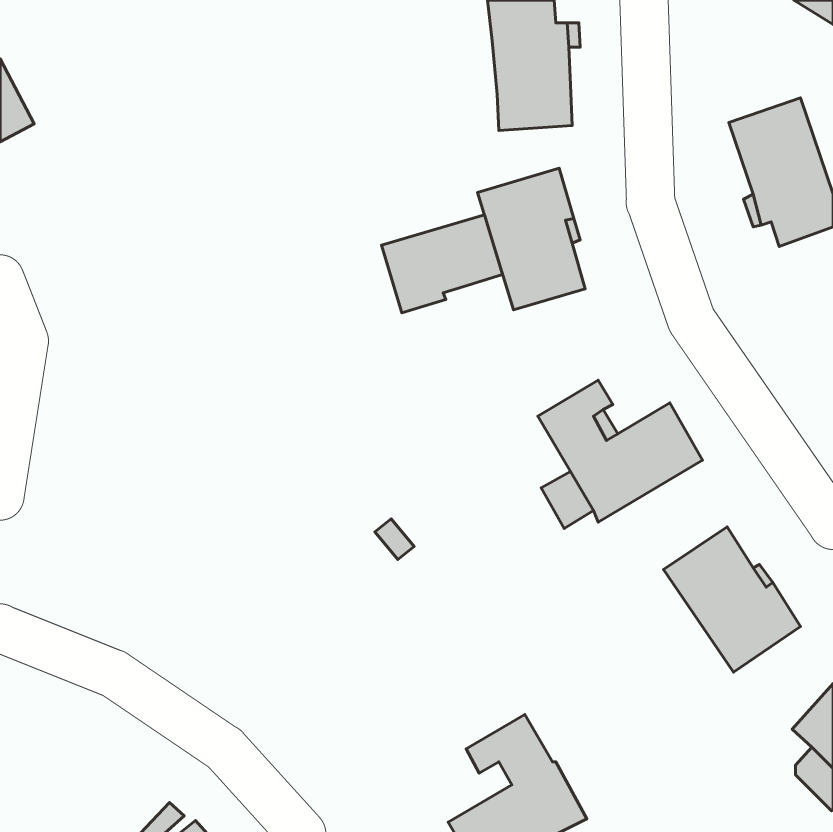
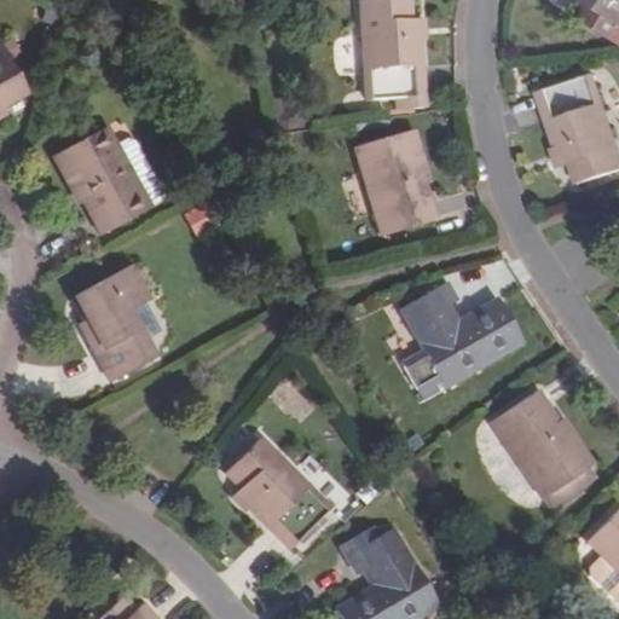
building: none -> [51,125,152,233]
building: [382,215,503,313] -> none
building: none -> [74,264,155,381]
building: none -> [225,438,329,548]

